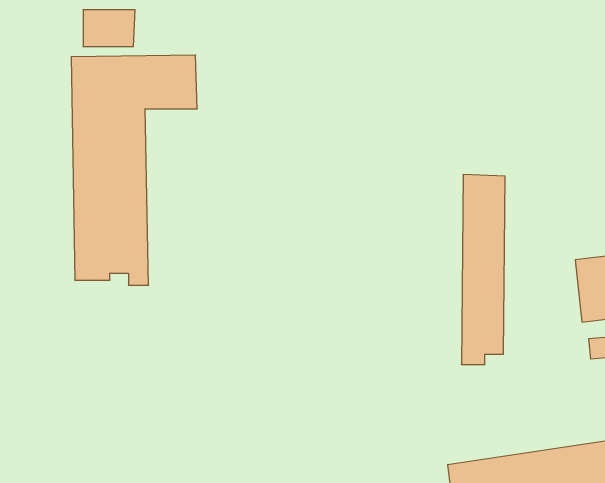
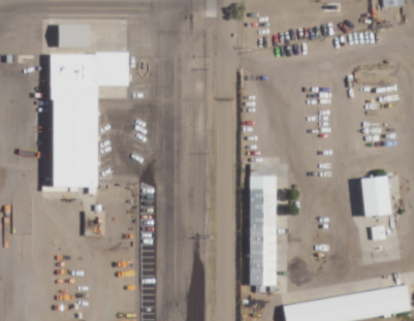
building: [461,175,505,364] -> [249,175,276,292]

